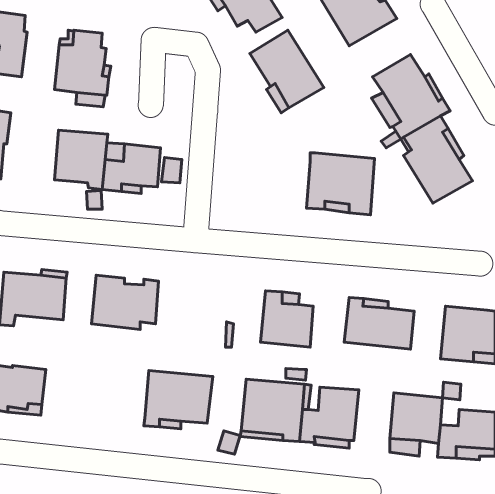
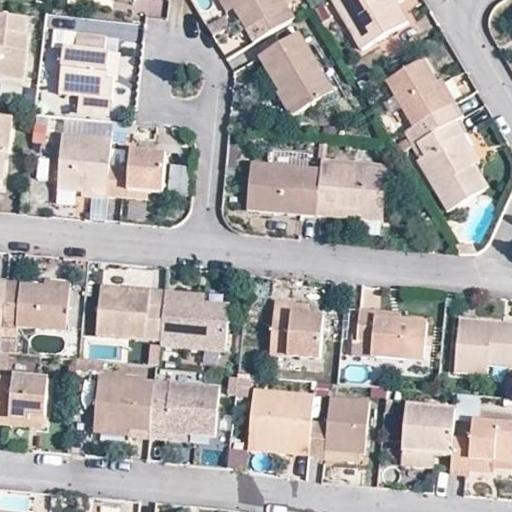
building: none -> [244,160,319,214]
building: none -> [159,289,227,349]
building: none -> [92,376,153,435]

